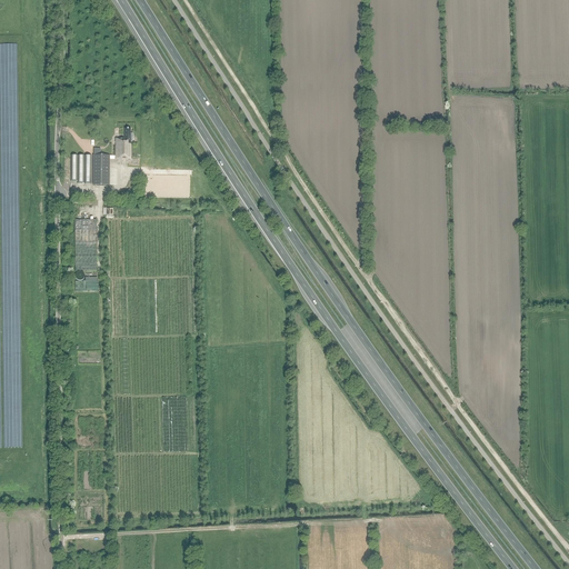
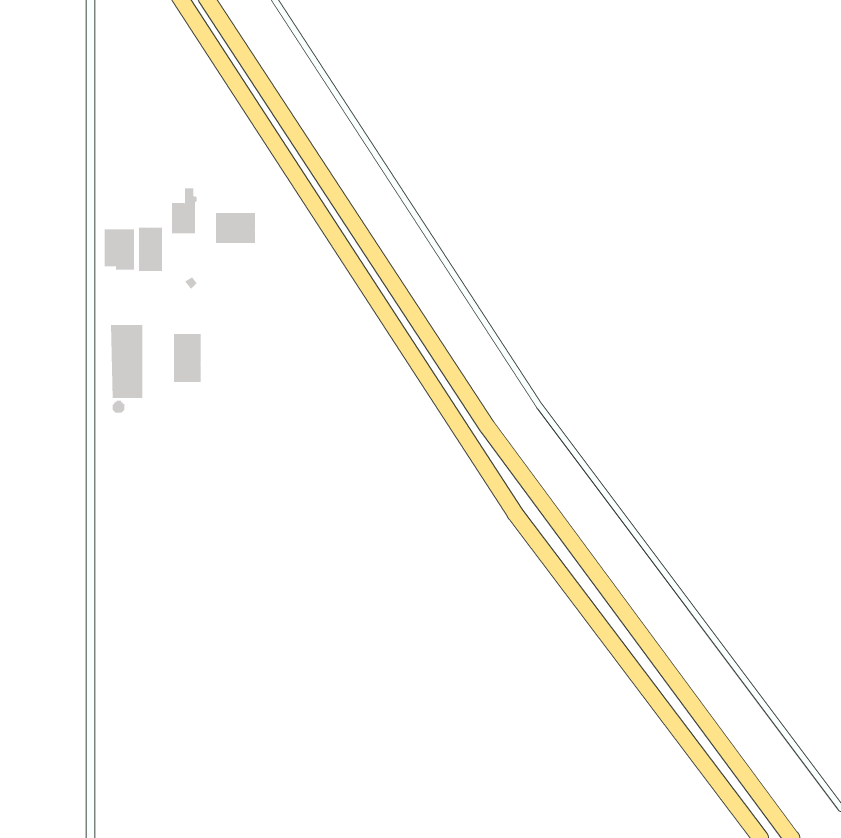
building: none -> [215,212,255,244]
building: none -> [174,333,201,383]

